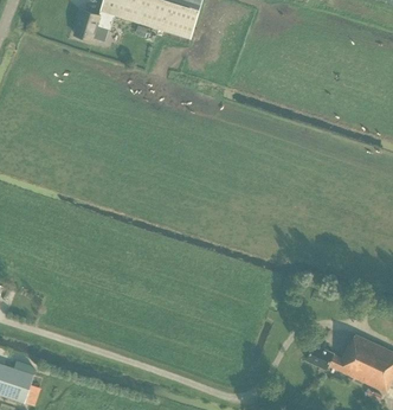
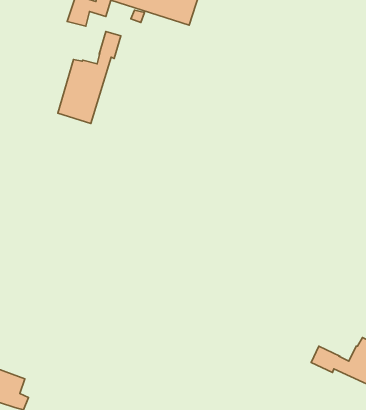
building: none -> [58,31,121,123]

